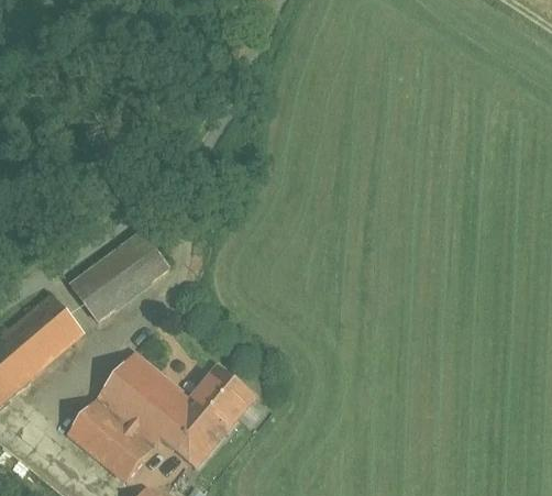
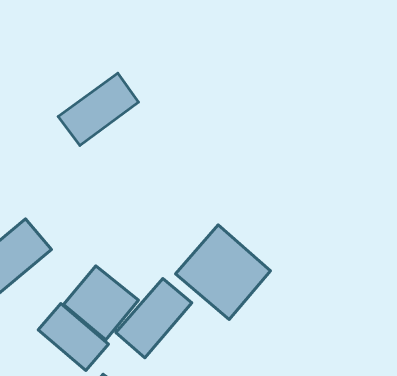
building: [69,232,167,320] -> [58,73,139,145]
building: none -> [176,225,270,320]

